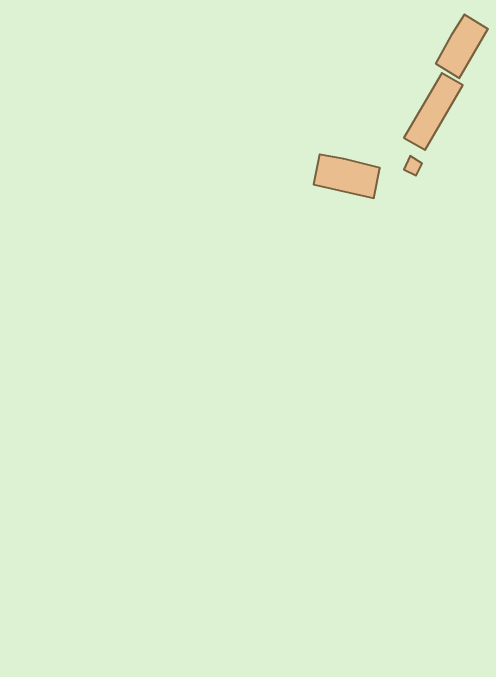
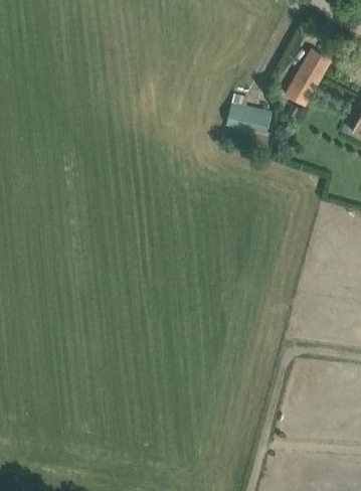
building: [436,14,488,78] -> none

